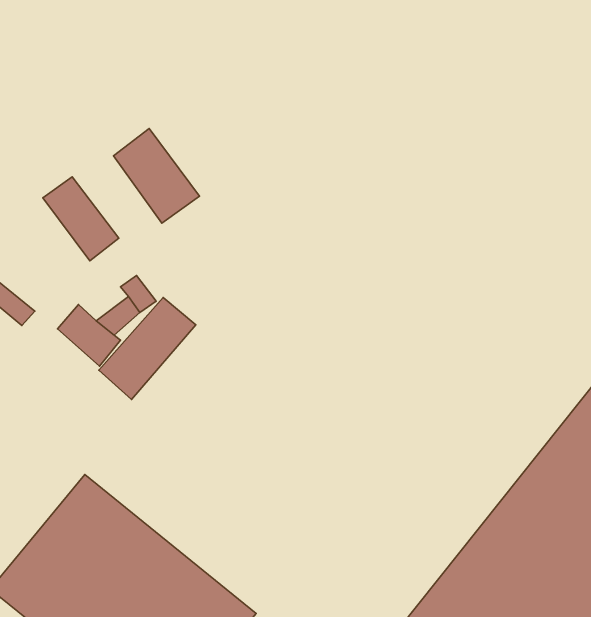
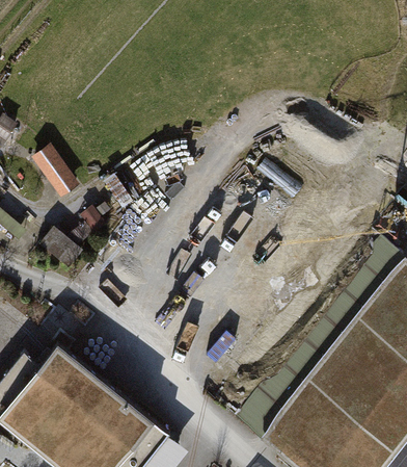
building: [113,128,199,223] -> none
building: [99,297,196,400] -> none

